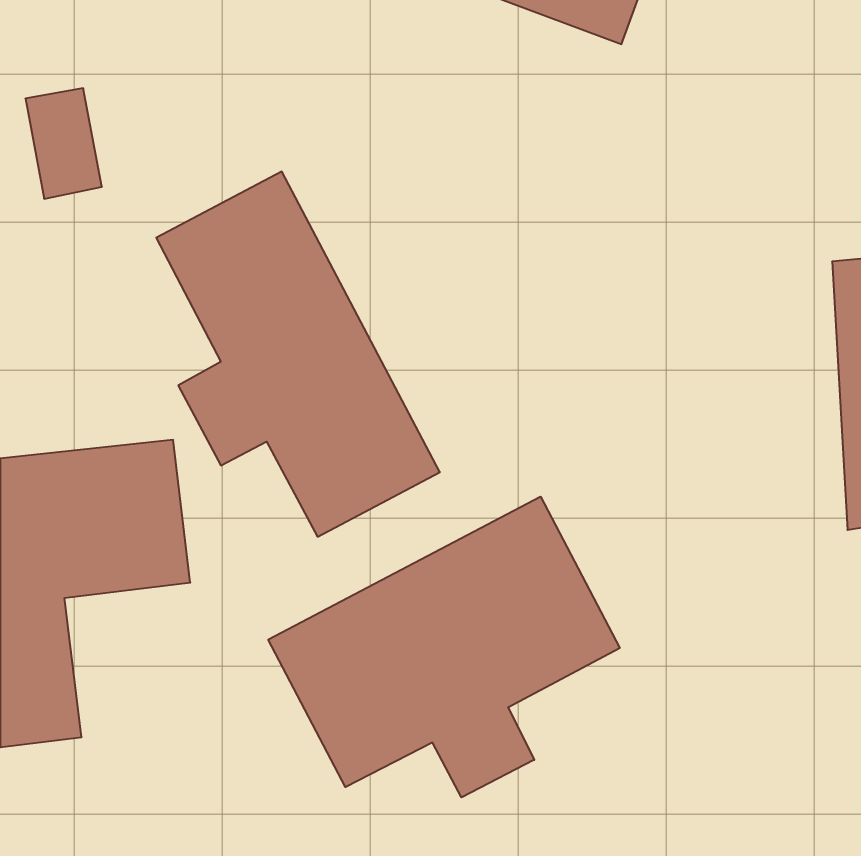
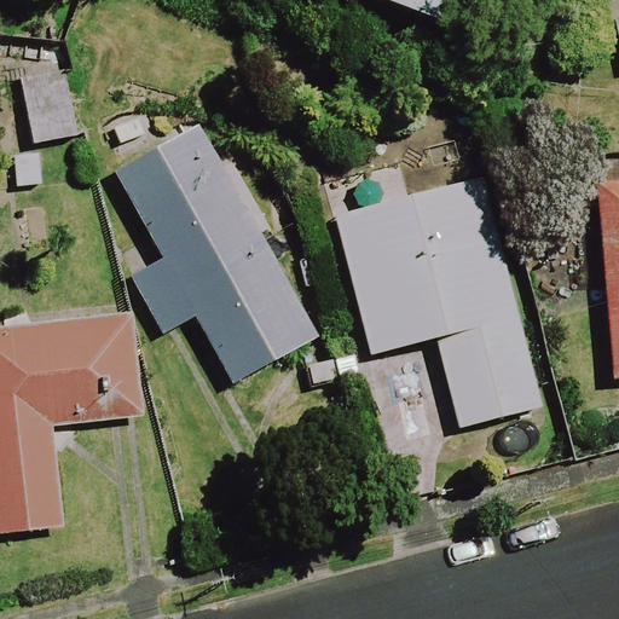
building: none -> [335,177,538,427]
building: [268,497,620,797] -> none

